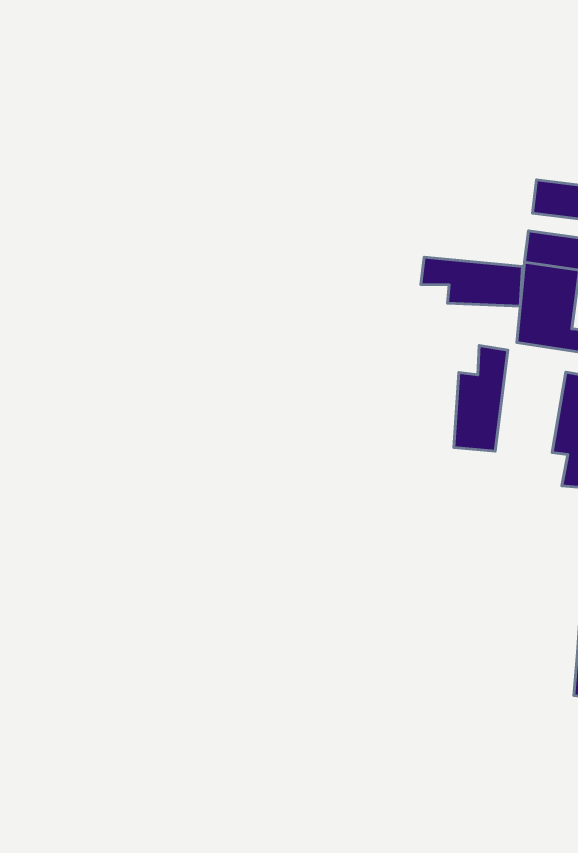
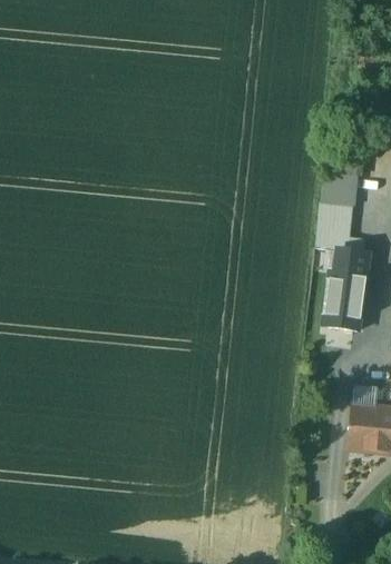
building: [421,257,523,306] -> none
building: [454,346,508,451] -> none

